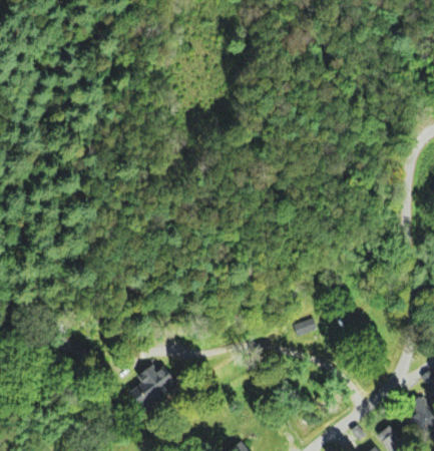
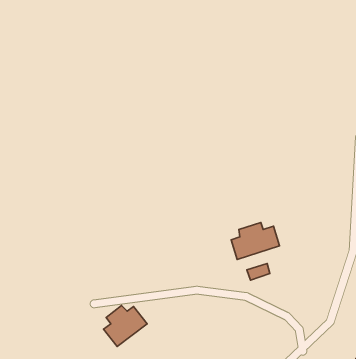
building: none -> [231,222,279,260]

